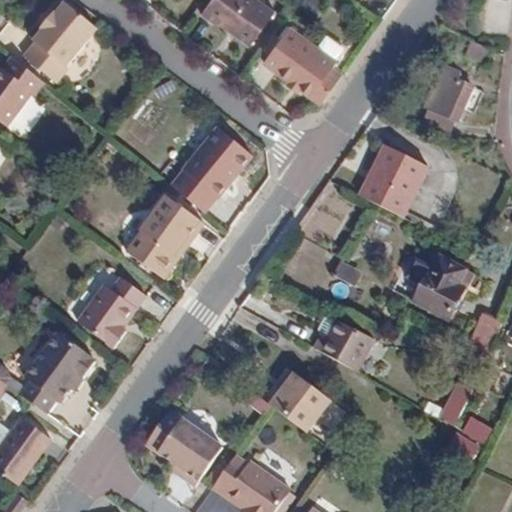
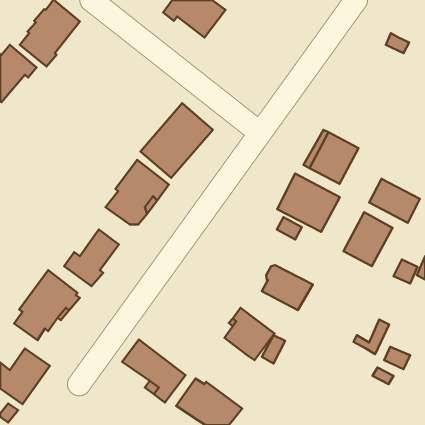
building: [261,28,339,96] -> none
building: [425,66,473,123] -> none
building: none -> [277,174,340,232]
building: none -> [369,179,420,223]

